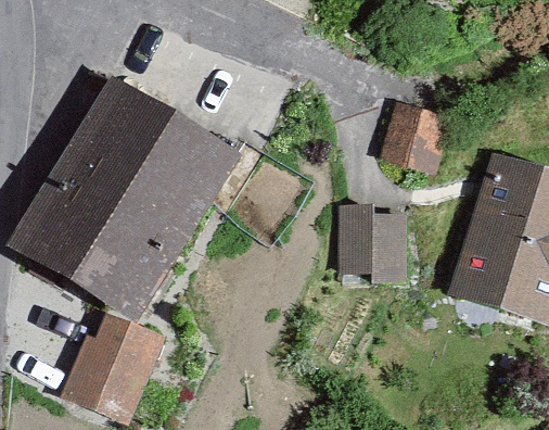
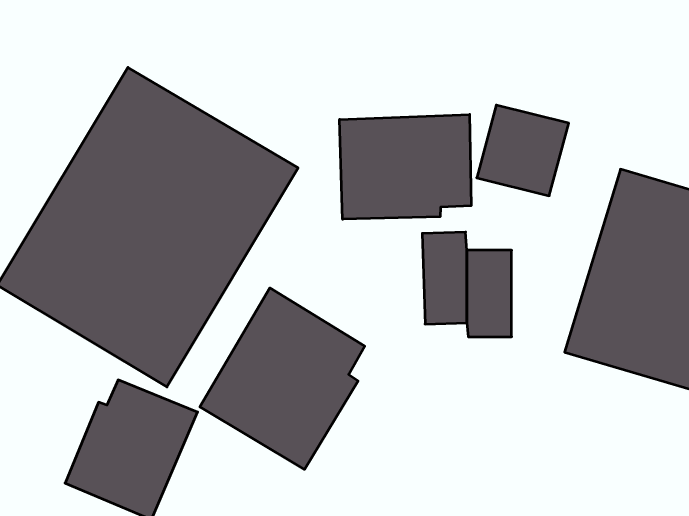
building: none -> [340,114,471,219]
building: none -> [200,288,365,469]

